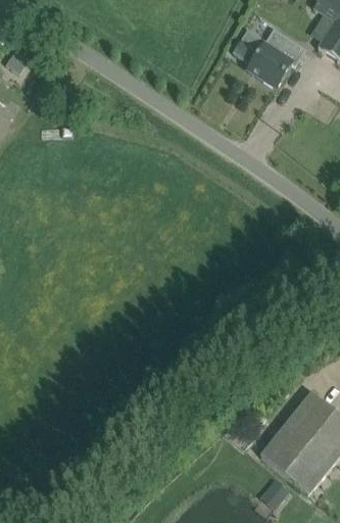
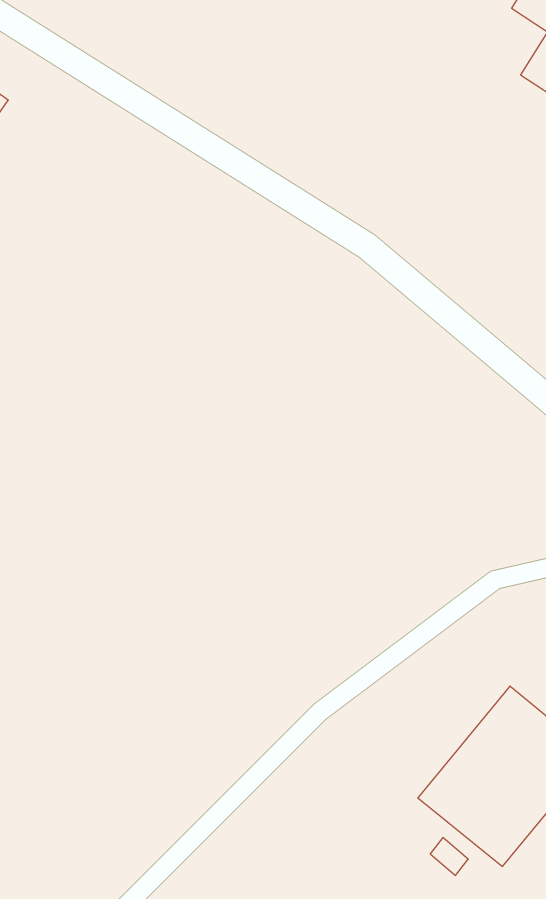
building: [233,31,304,88] -> none

